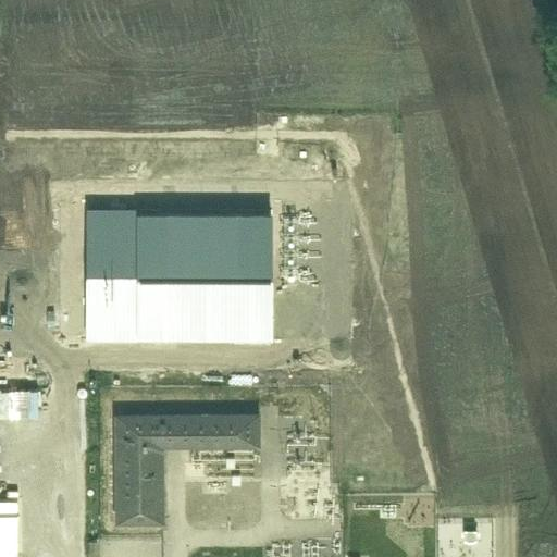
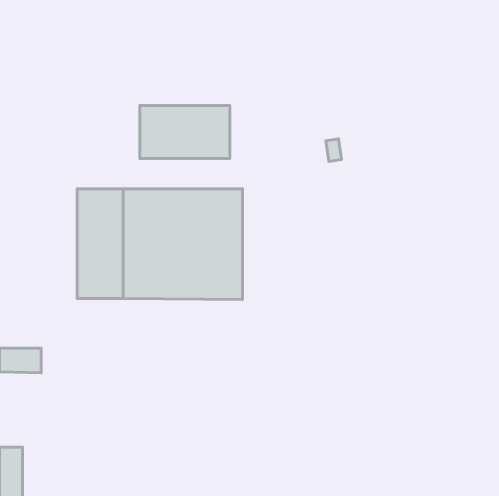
building: none -> [140,106,230,159]
building: [112,420,259,531] -> none

